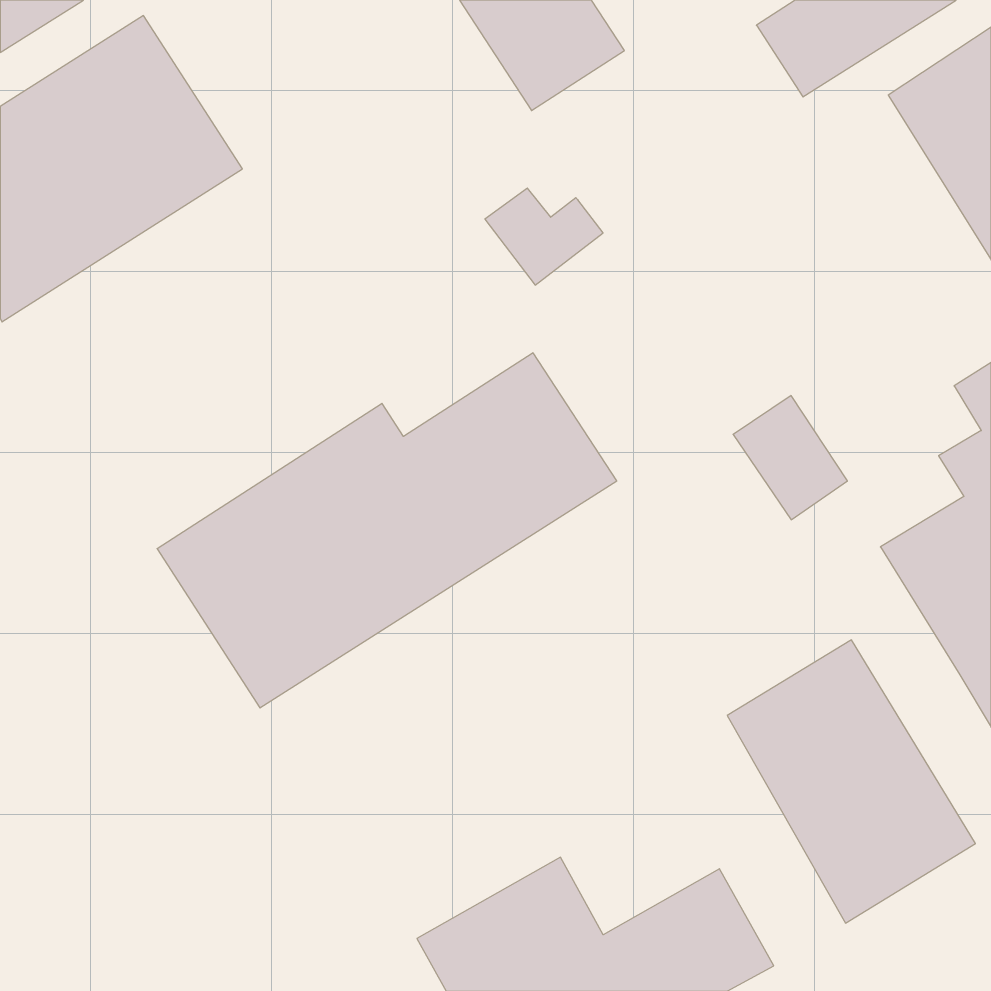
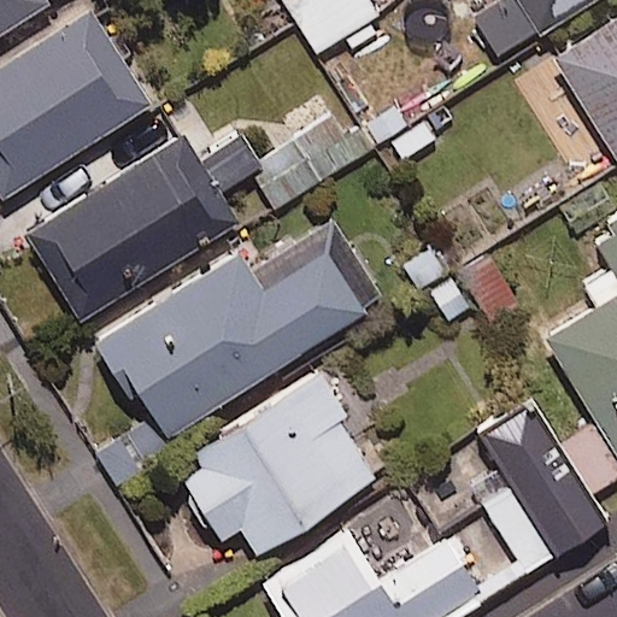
building: none -> [24,134,262,322]
building: none -> [180,377,376,557]

